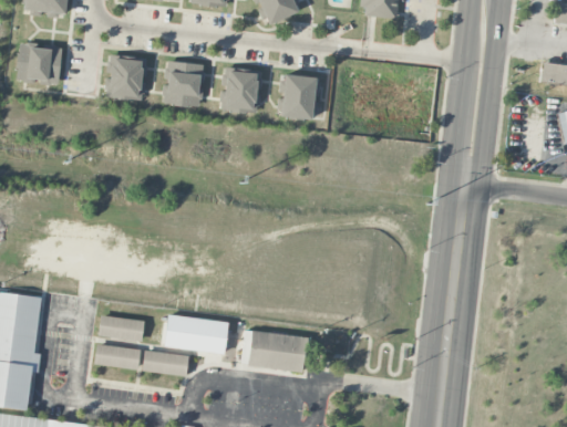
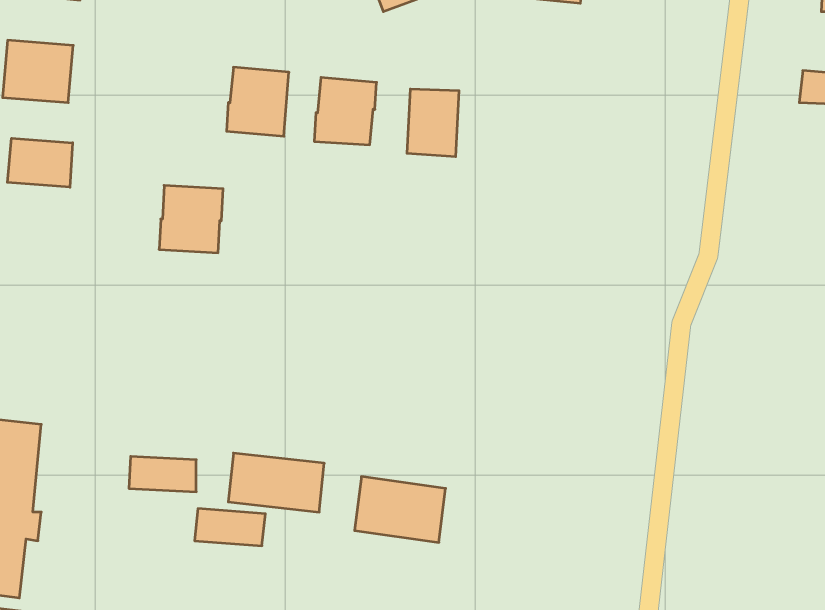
building: [105,55,147,100] -> [159,185,223,253]
building: none -> [7,138,73,187]
building: [93,343,141,371] -> none

